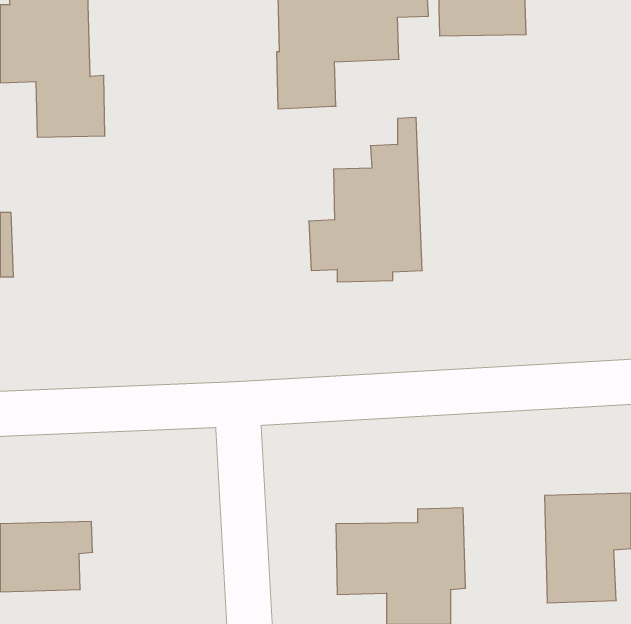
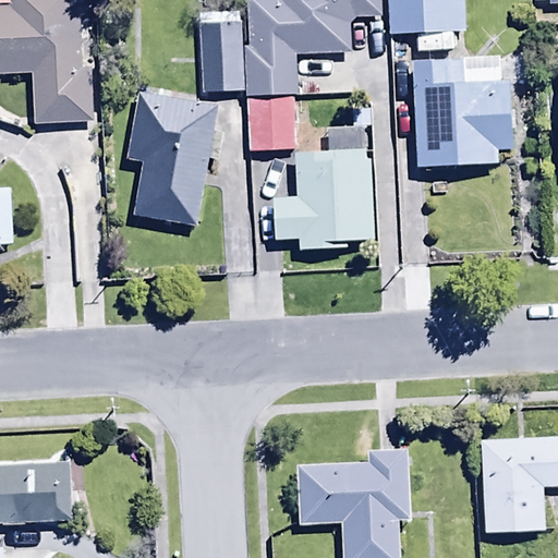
building: none -> [197,19,242,92]
building: none -> [412,59,511,168]
building: none -> [128,92,221,225]
building: none -> [245,94,295,149]

